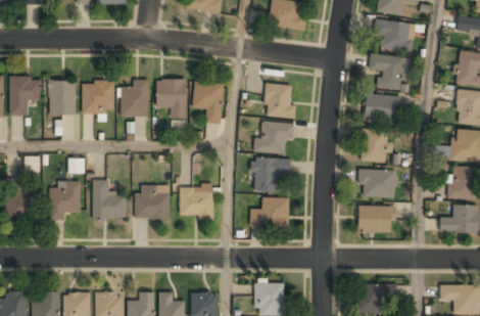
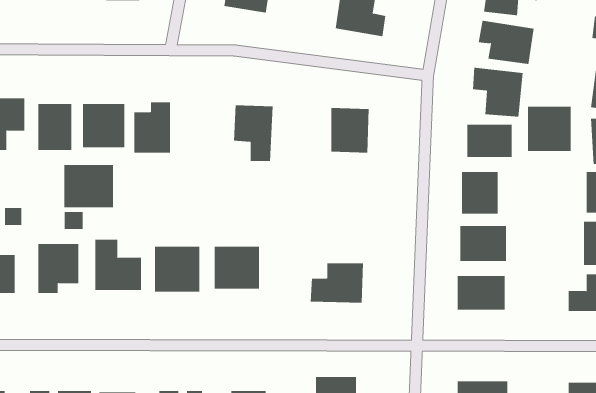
building: [155,79,186,119] -> none
building: none -> [527,106,571,152]
building: [253,122,293,152] -> none
building: none -> [64,164,114,208]
building: [251,156,291,191] -> none

